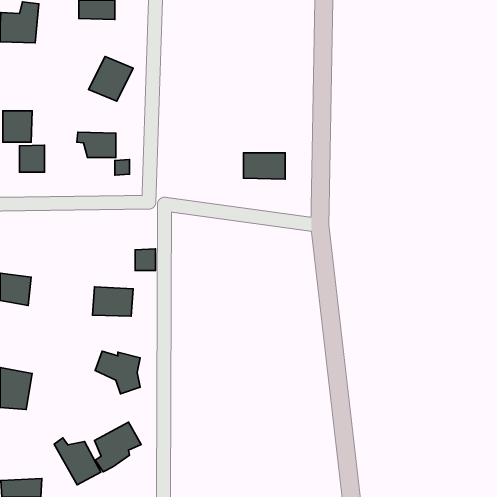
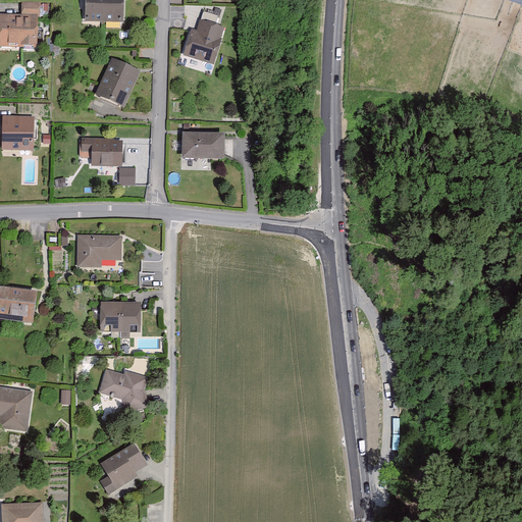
building: none -> [186,19,228,66]
building: [20,145,45,172] -> none
building: [243,153,285,179] -> [186,138,229,165]
building: none -> [76,231,121,267]
building: [54,438,101,485] -> none

